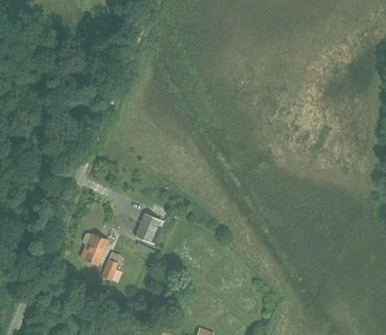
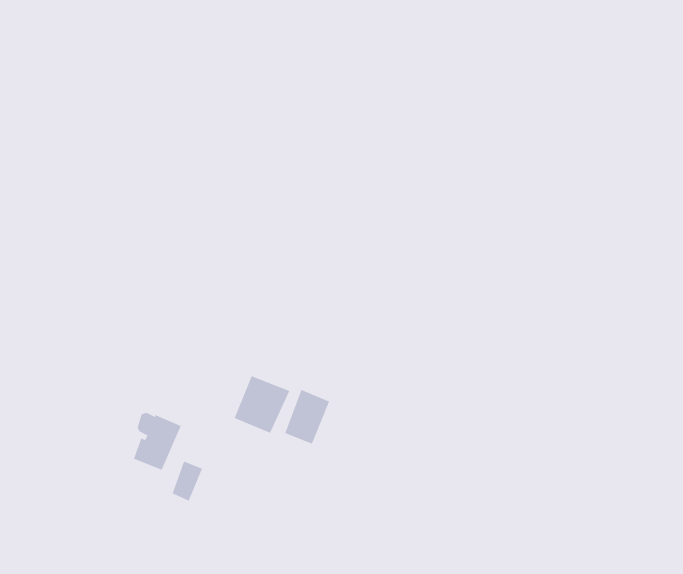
building: none -> [284,389,330,445]

